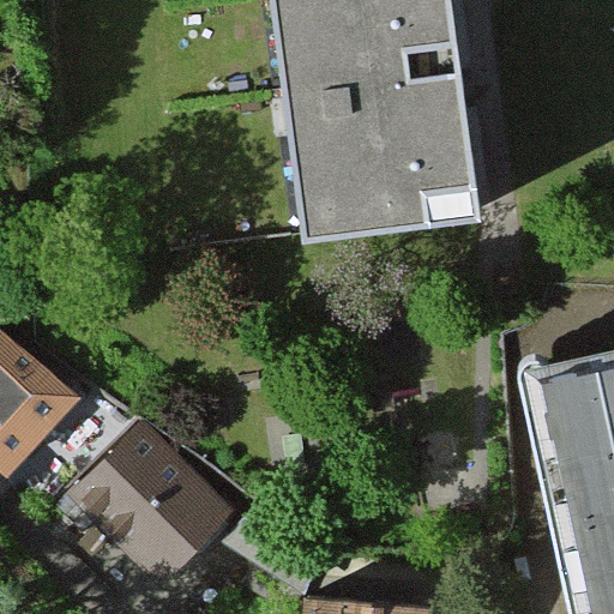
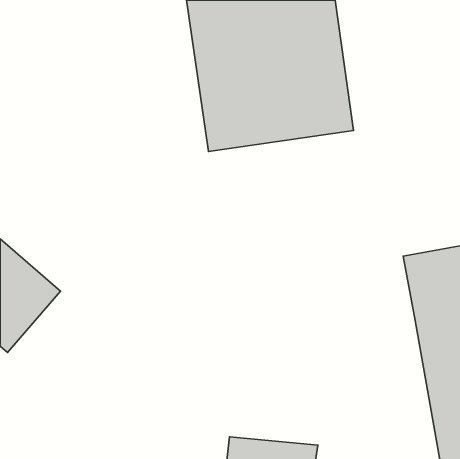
building: [80,434,235,589] -> none

